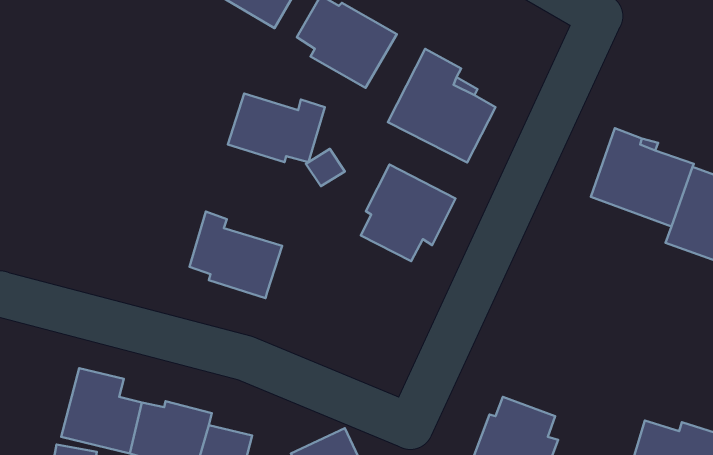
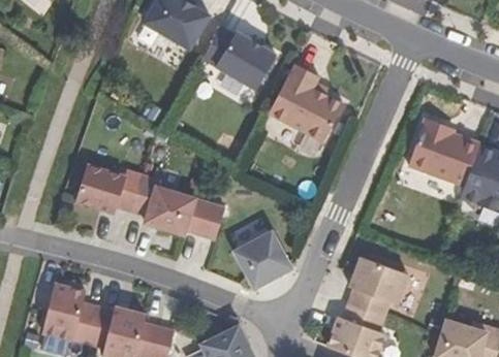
building: [228,94,325,162] -> [75,166,143,214]
building: [361,165,456,261] -> none
building: none -> [185,199,224,240]
building: none -> [236,231,290,287]
building: none -> [348,256,408,317]

